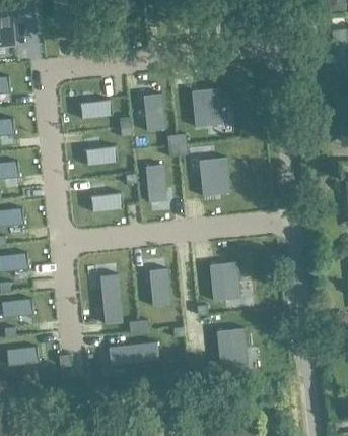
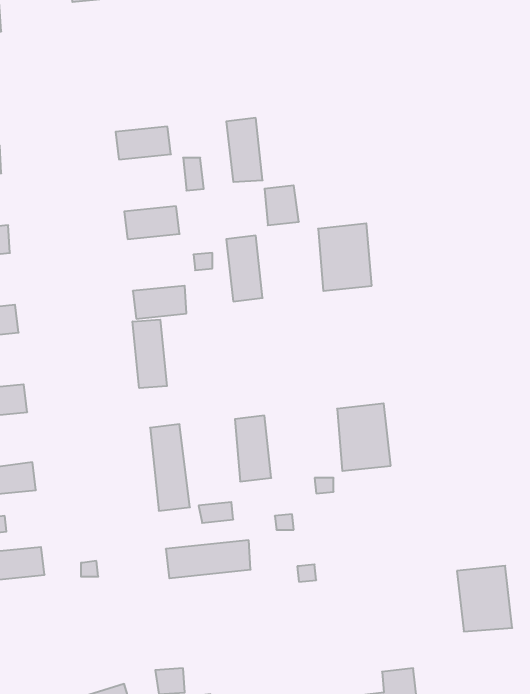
building: [192,88,223,128] -> none
building: none -> [133,320,167,388]
building: [216,328,249,367] -> [457,566,512,631]

